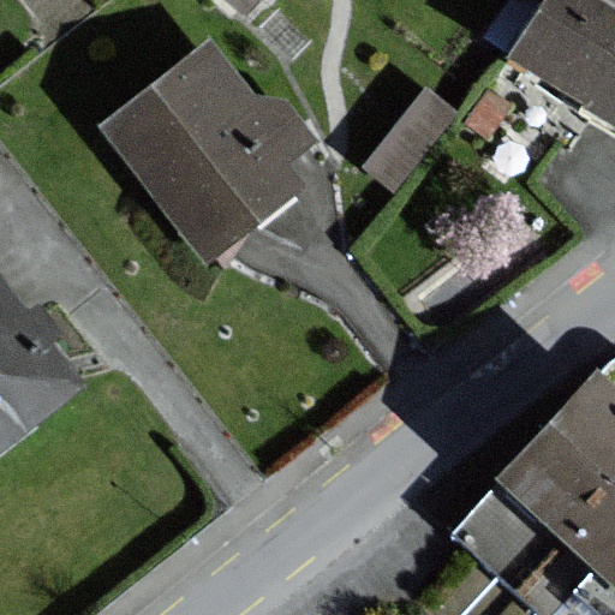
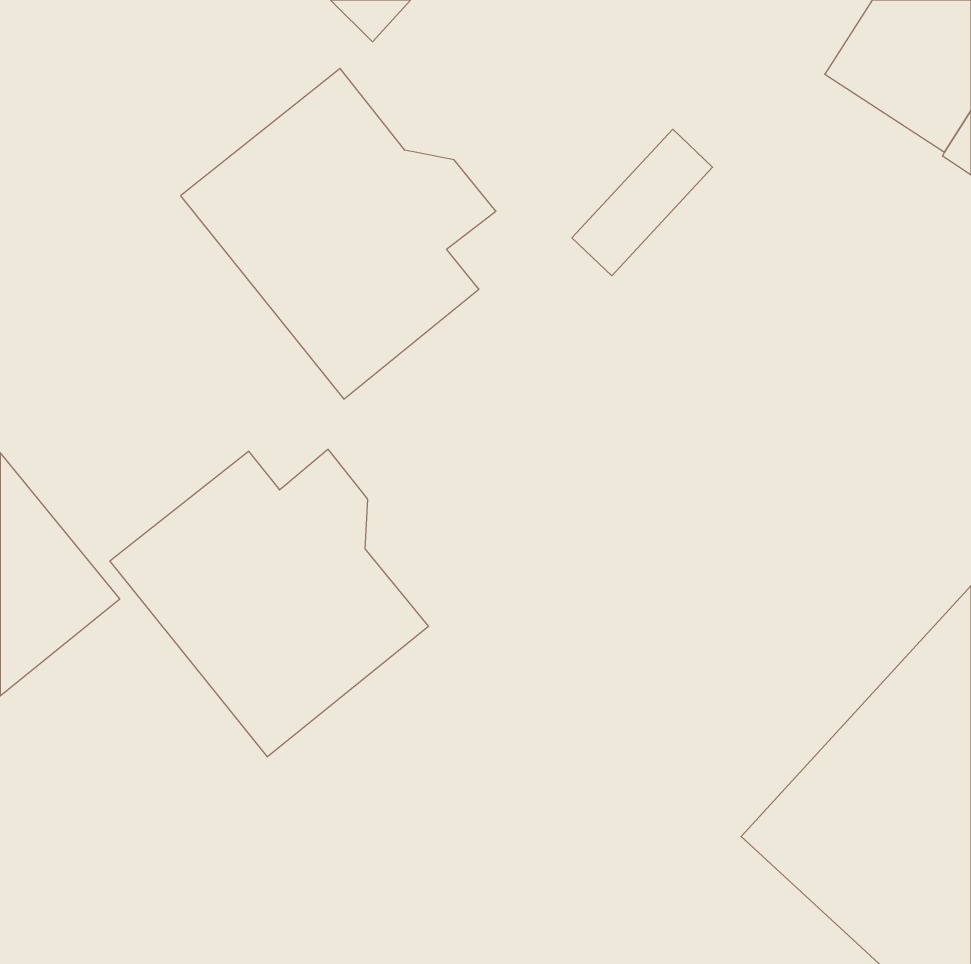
building: none -> [110,449,428,757]

